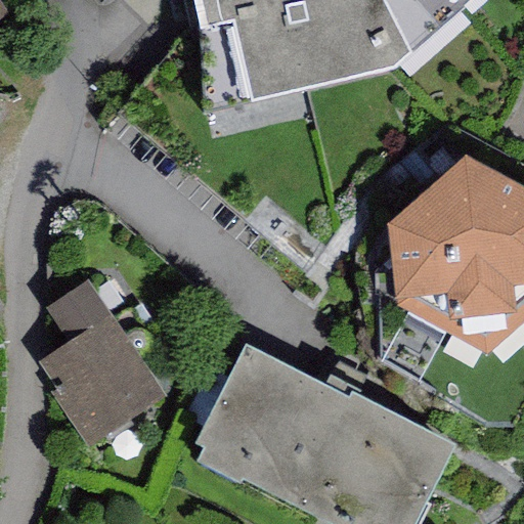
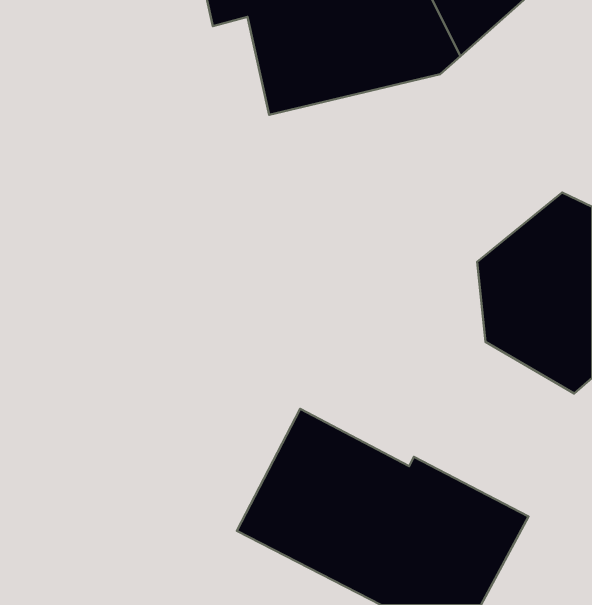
building: [44,290,152,433] -> none

